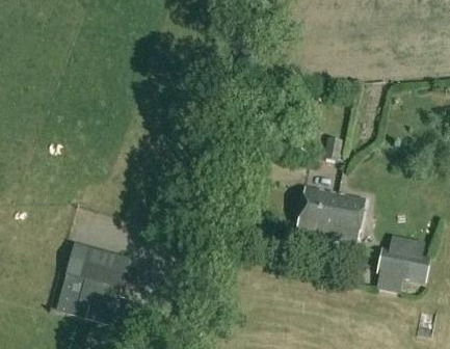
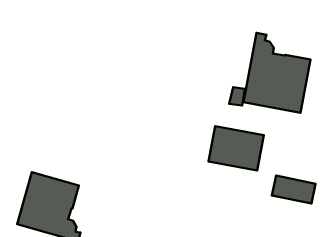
building: none -> [244,33,311,113]

